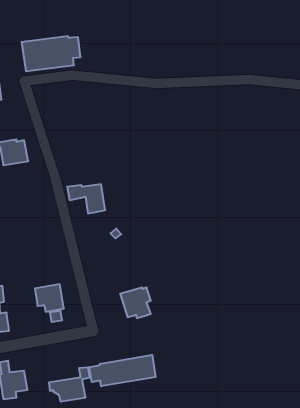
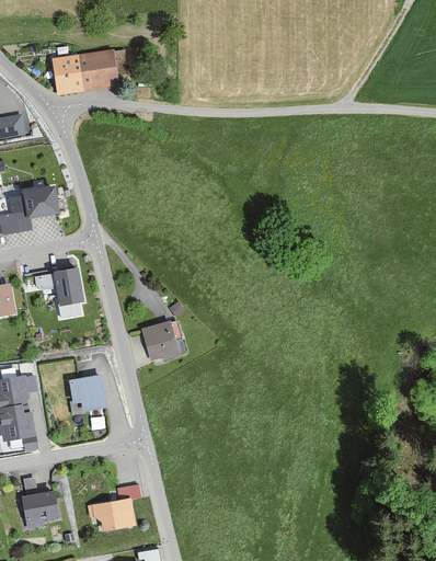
building: [67,184,105,213] -> [33,268,83,307]
building: [120,287,151,318] -> [140,321,181,362]
building: [89,355,155,386] -> none

